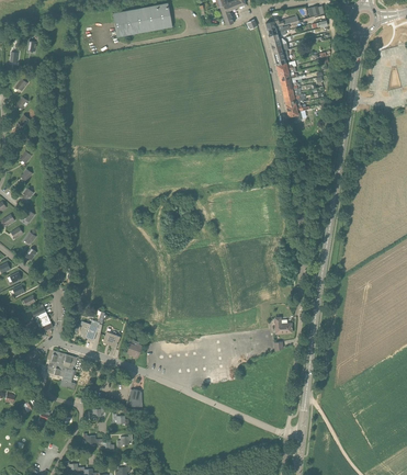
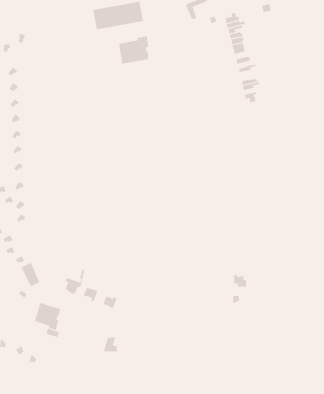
building: none -> [119,35,149,65]

